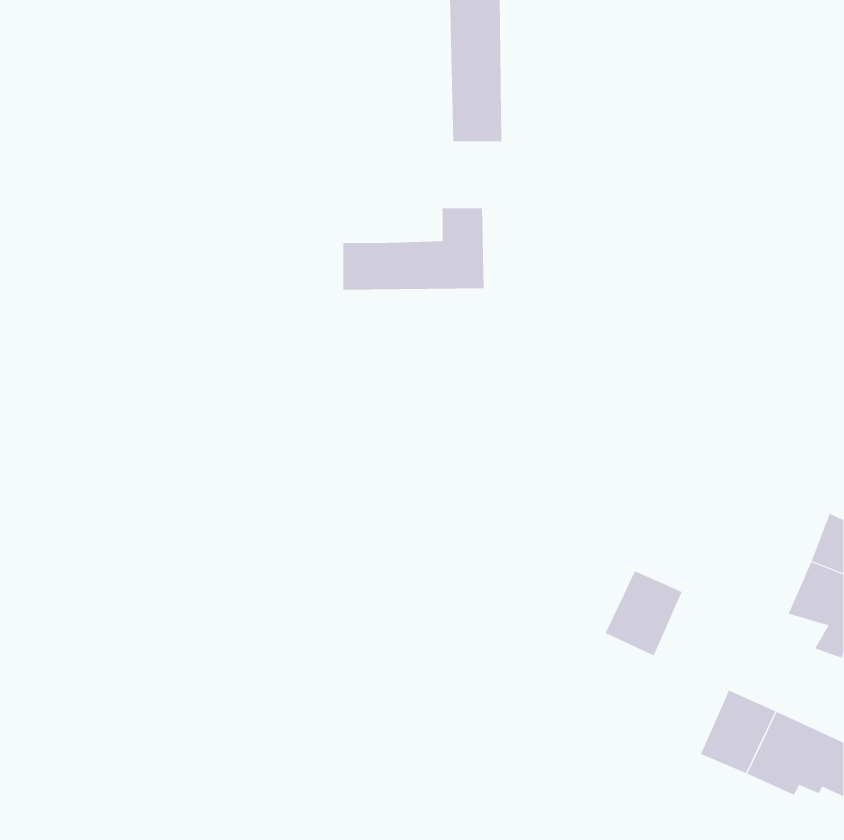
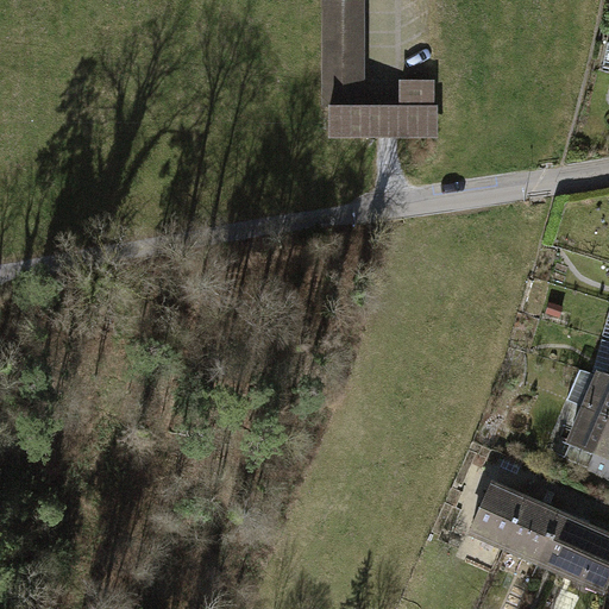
building: [343,208,485,290] -> [328,77,431,137]
building: [605,570,682,656] -> [469,482,525,544]

